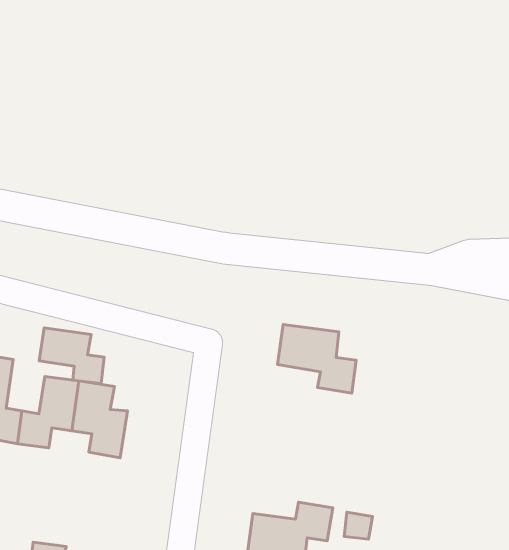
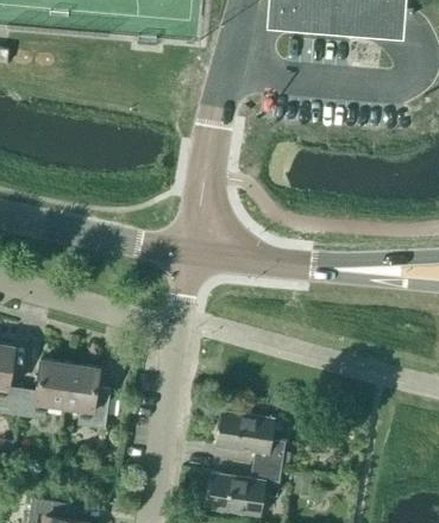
building: [278,325,356,393] -> [219,412,284,470]
building: [39,328,104,384] -> none

